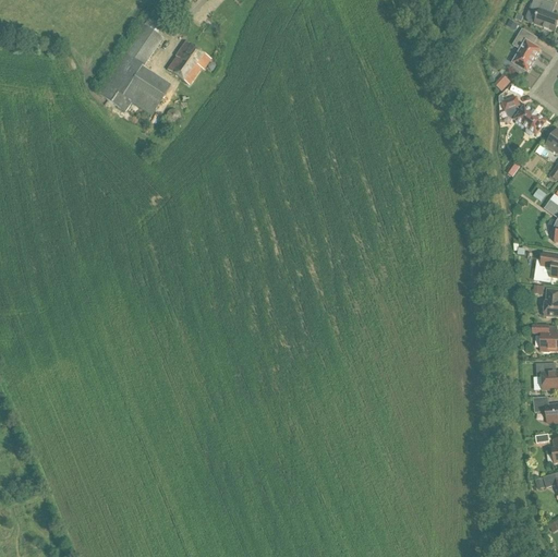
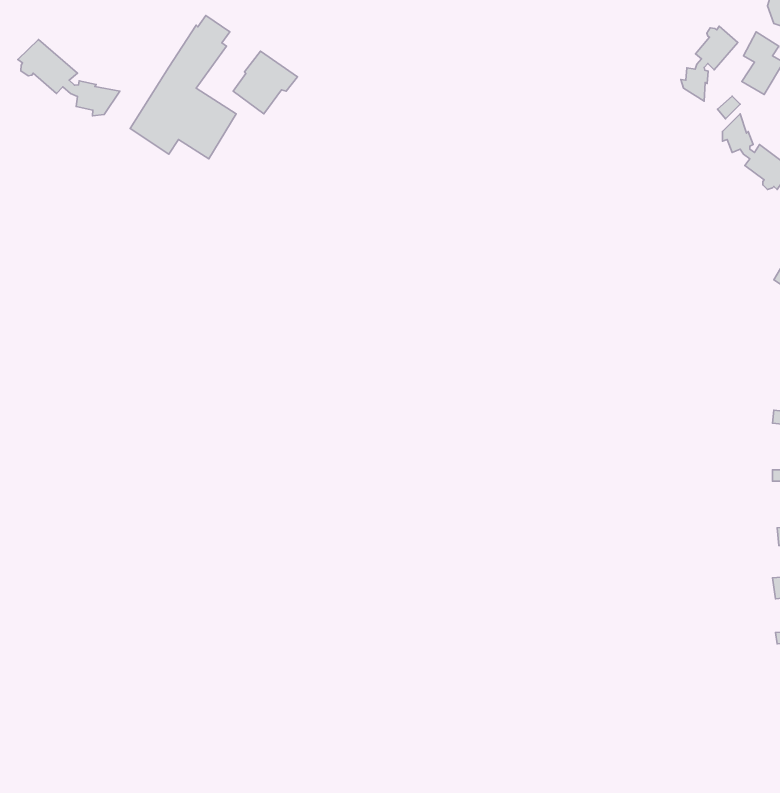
building: none -> [681,26,738,101]
building: none -> [18,40,120,116]

